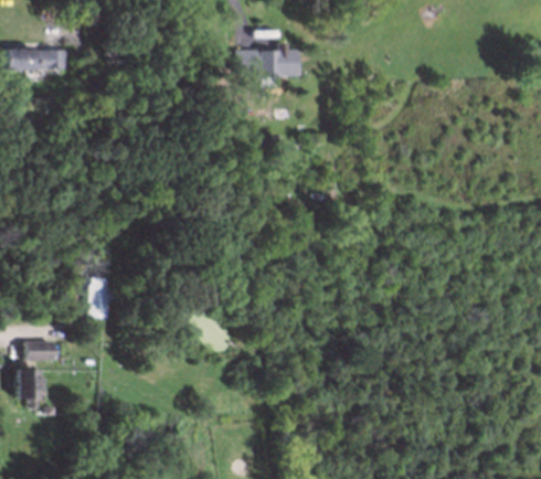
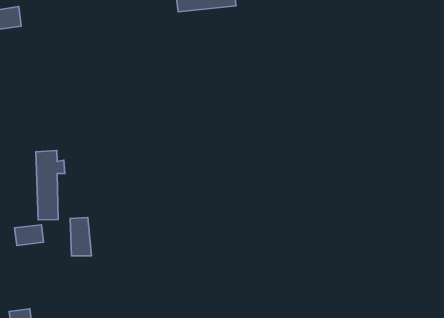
building: none -> [36,150,65,220]
building: [28,342,56,361] -> [15,225,43,245]

